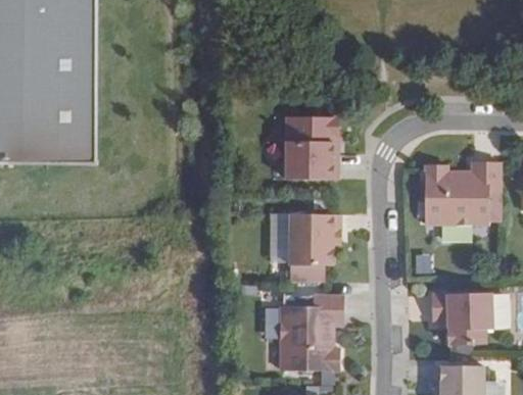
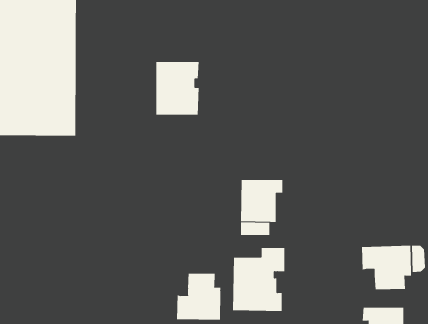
building: [285,116,337,180] -> [155,62,200,115]
building: [424,162,500,225] -> none
building: none -> [177,273,221,320]

